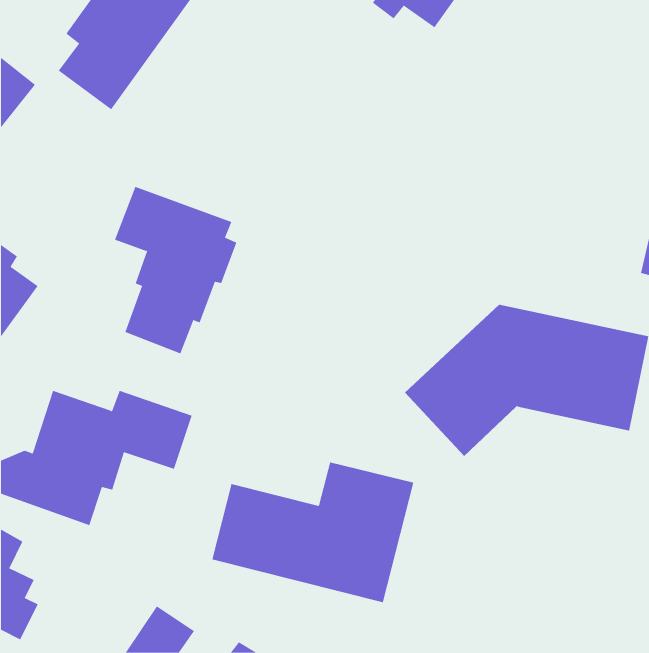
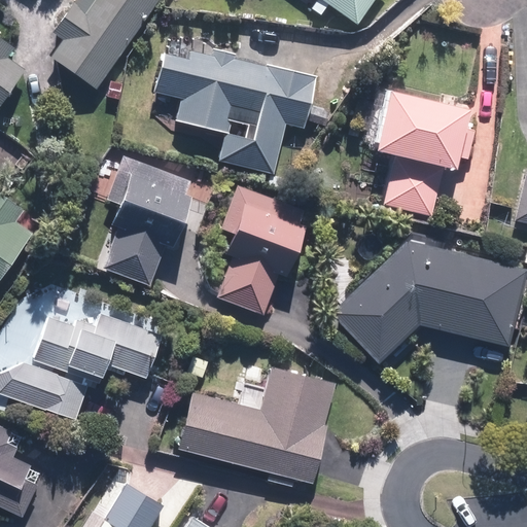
building: none -> [151,51,317,174]
building: none -> [371,92,464,218]
building: none -> [218,182,307,311]

